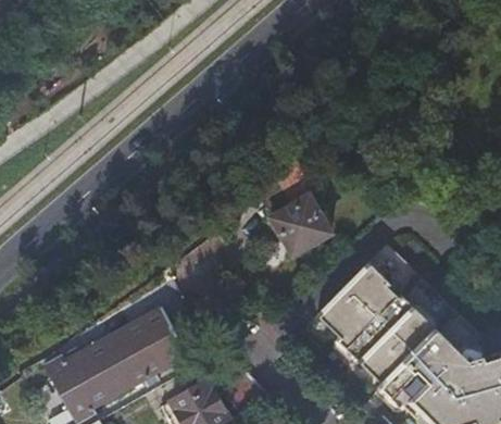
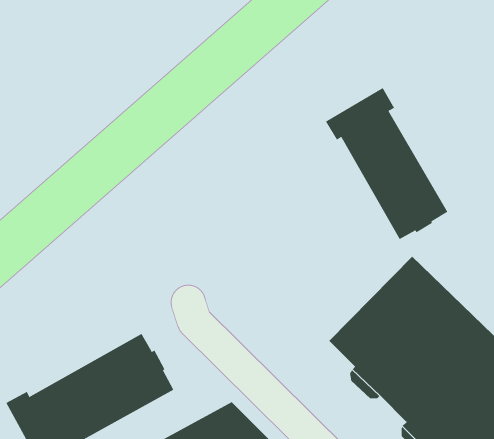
building: none -> [325,87,448,240]
building: [271,194,330,253] -> none

